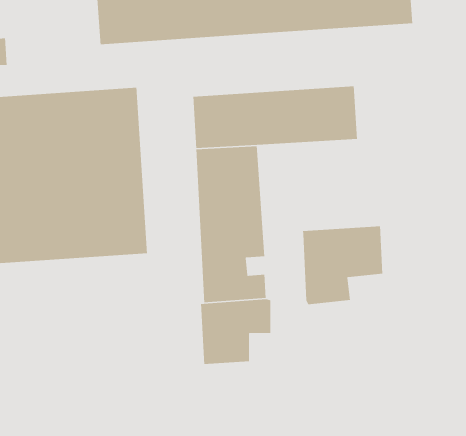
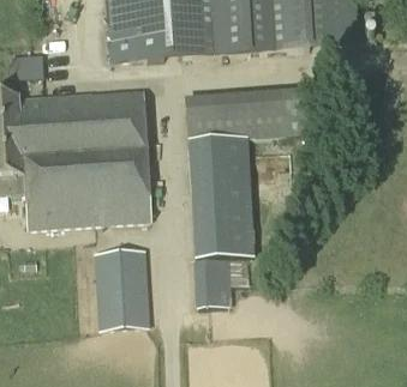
building: [302,226,383,305] -> none
building: none -> [94,248,150,329]

